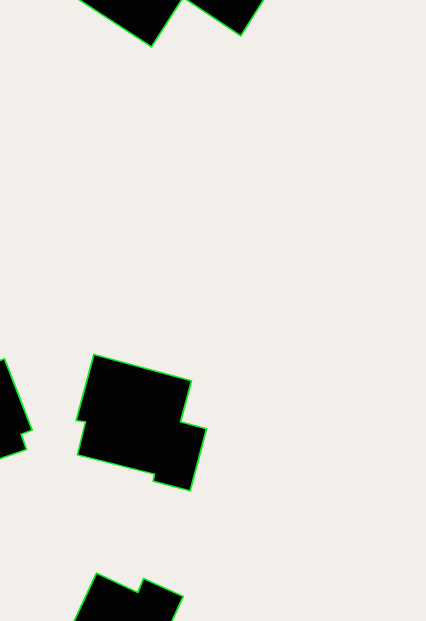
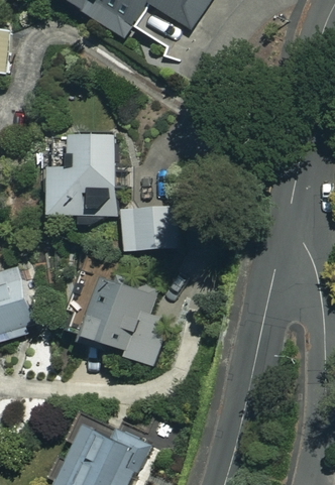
building: none -> [49,136,116,216]
building: none -> [120,206,173,249]

